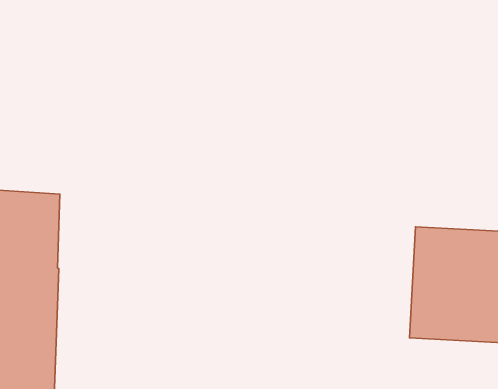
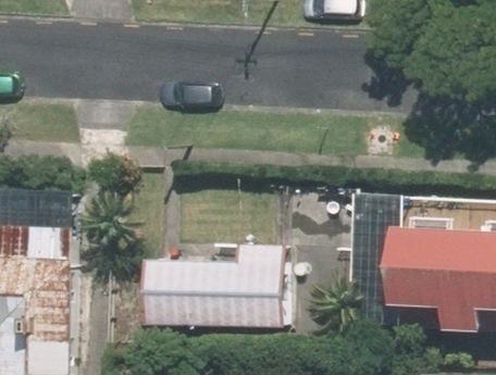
building: none -> [140,242,285,329]

